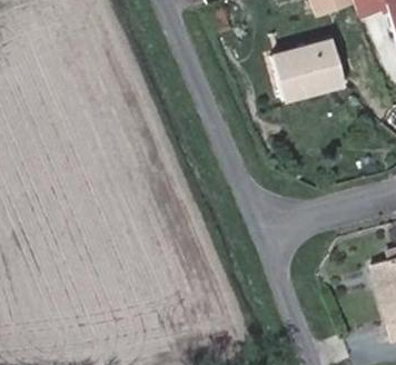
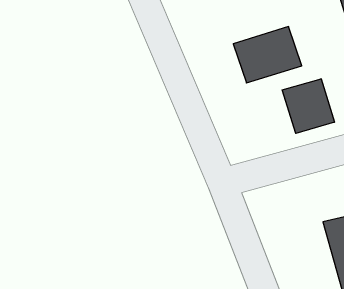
building: none -> [282,79,334,133]

